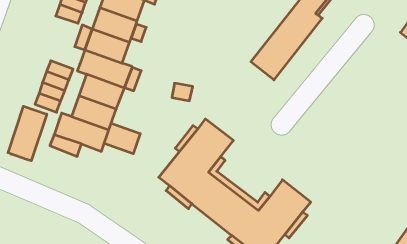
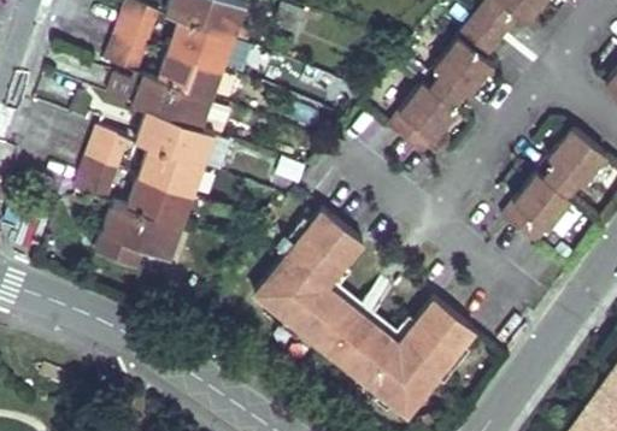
building: none -> [501,129,606,244]
building: [8,106,47,161] -> none
building: [104,123,140,154] -> none

